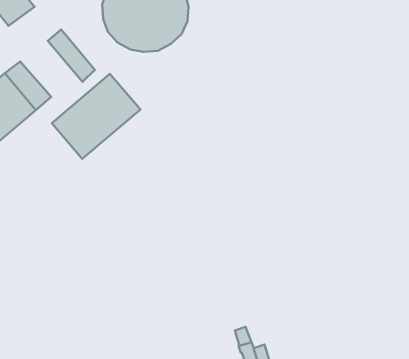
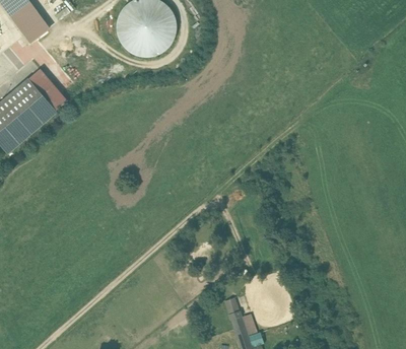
building: [48,30,95,82] -> none
building: [52,74,140,159] -> none

